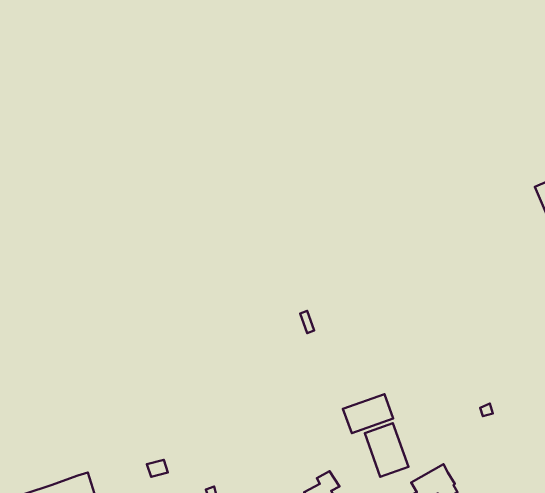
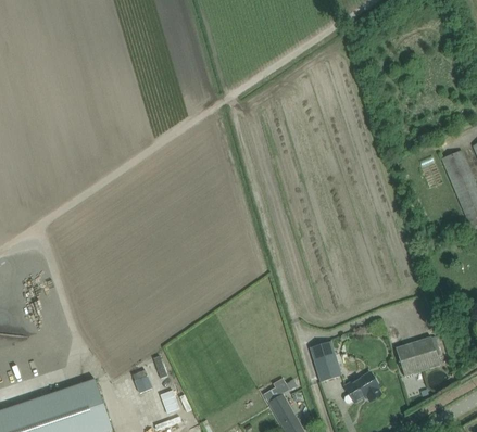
building: [343,394,393,433] -> none
building: none -> [396,336,440,376]

